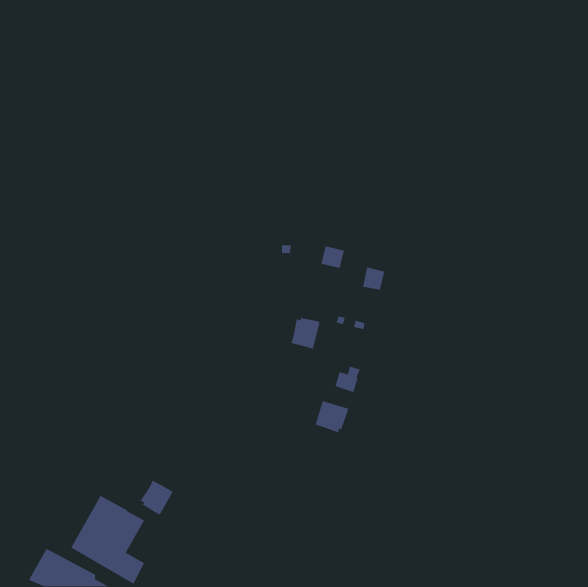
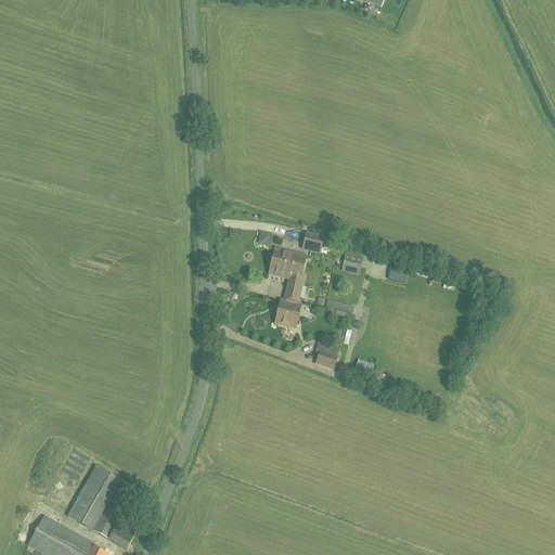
building: none -> [267,246,307,301]
building: [314,400,349,433] -> none
building: [140,480,174,516] -> none

